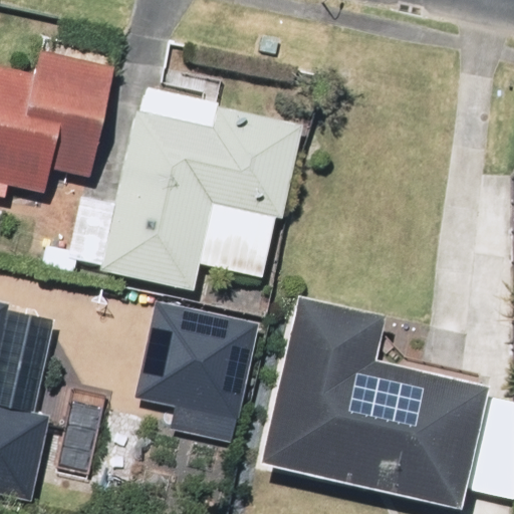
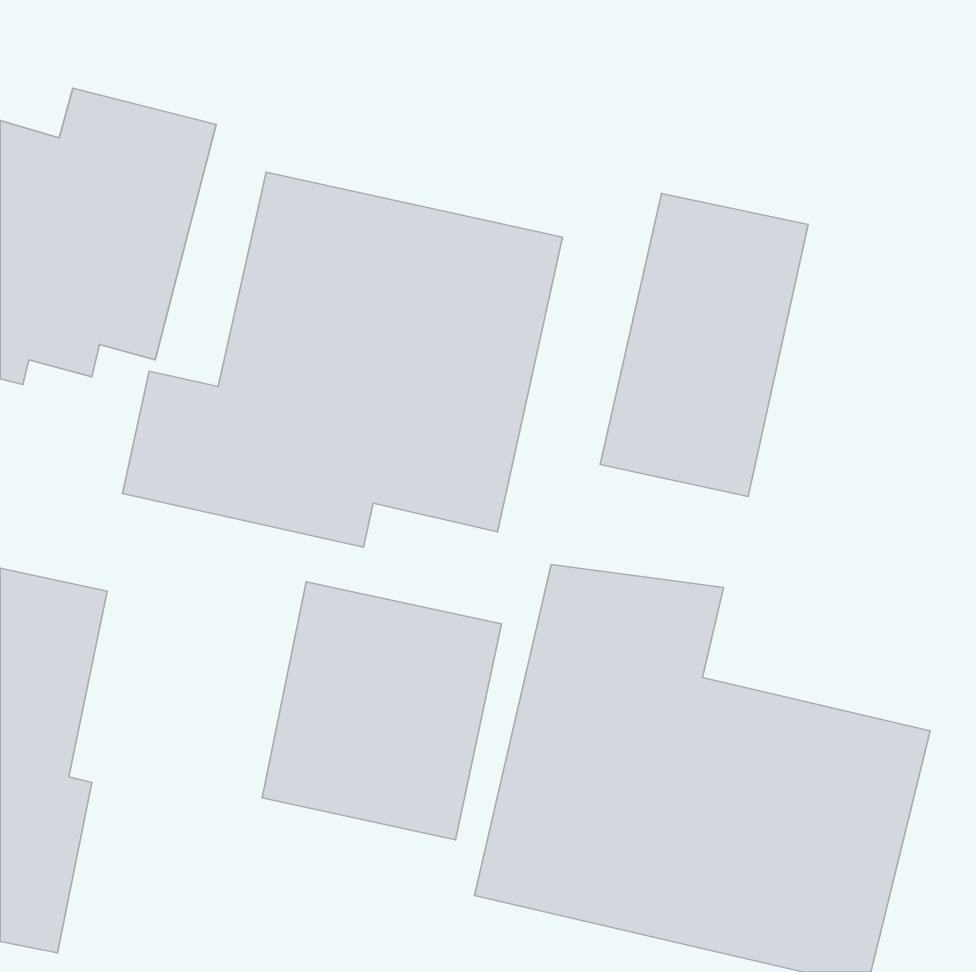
building: none -> [600,193,808,496]

